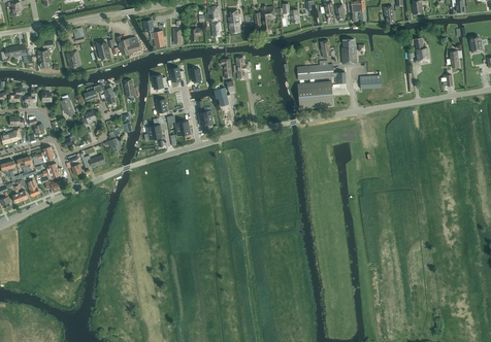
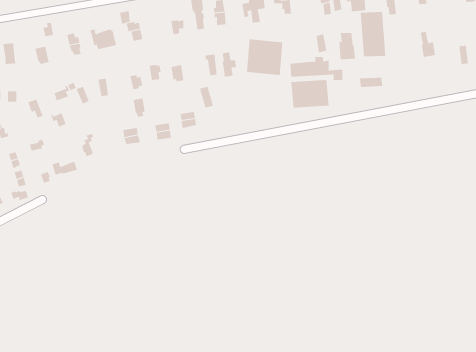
building: none -> [360,11,386,57]
building: none -> [246,39,283,76]

